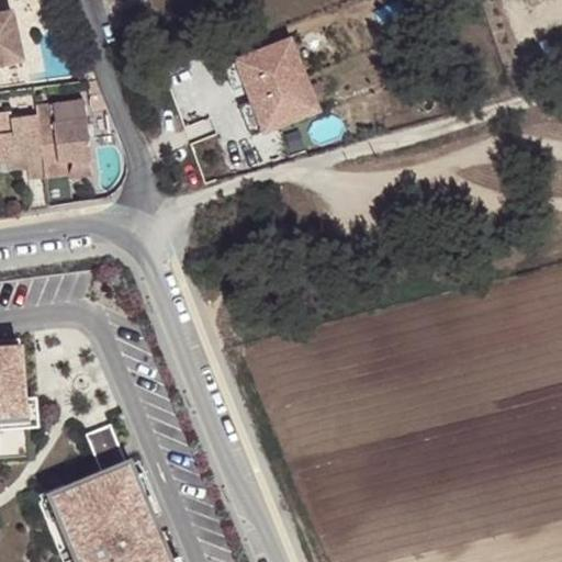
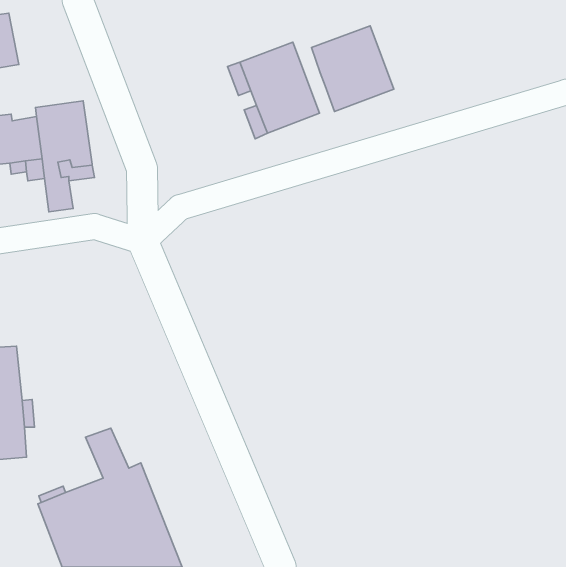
building: none -> [312,26,394,112]

